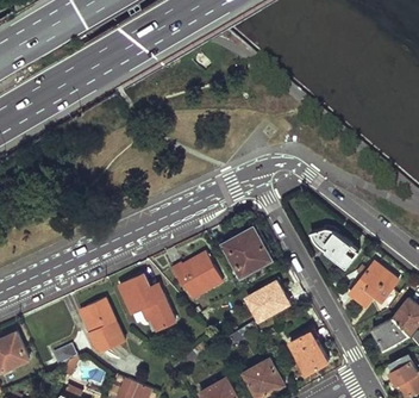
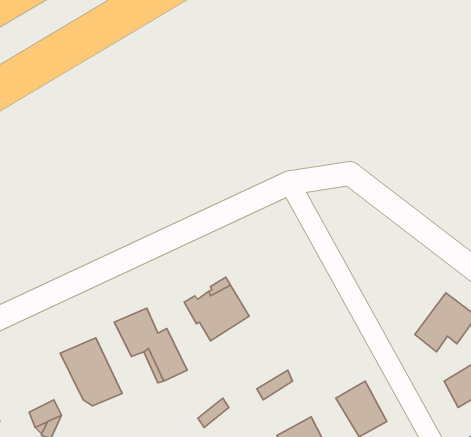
building: [219,228,270,290] -> none
building: [308,228,357,268] -> none
building: [252,280,294,321] -> none

